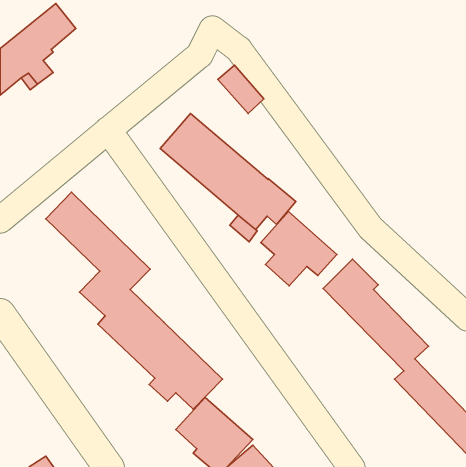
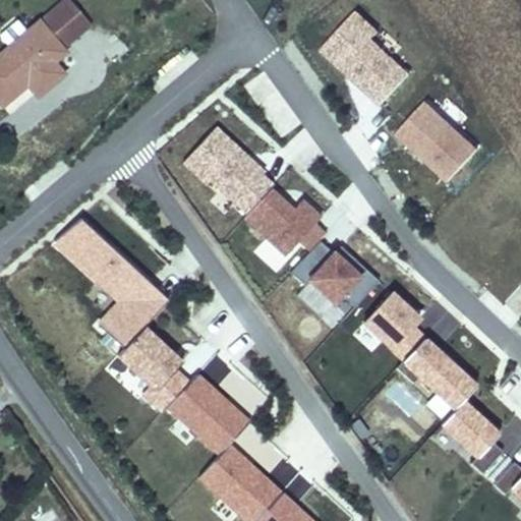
building: none -> [319,8,412,107]
building: none -> [394,97,481,183]

